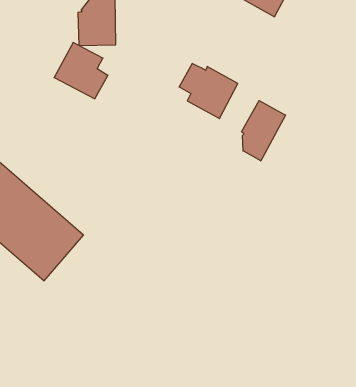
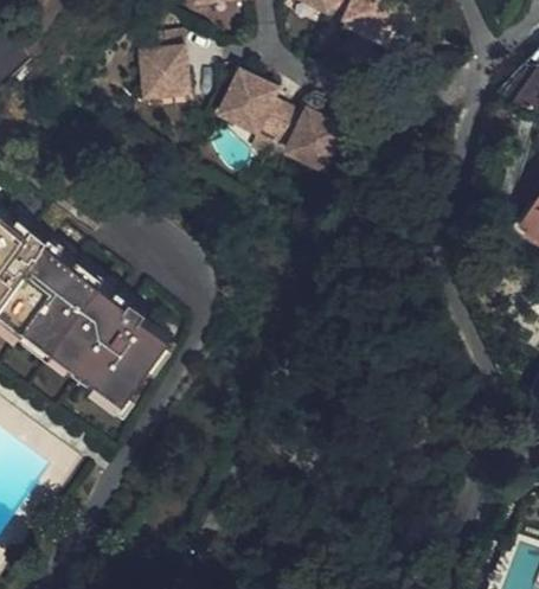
building: [54,42,108,99] -> [218,72,285,141]
building: [242,101,286,161] -> none

